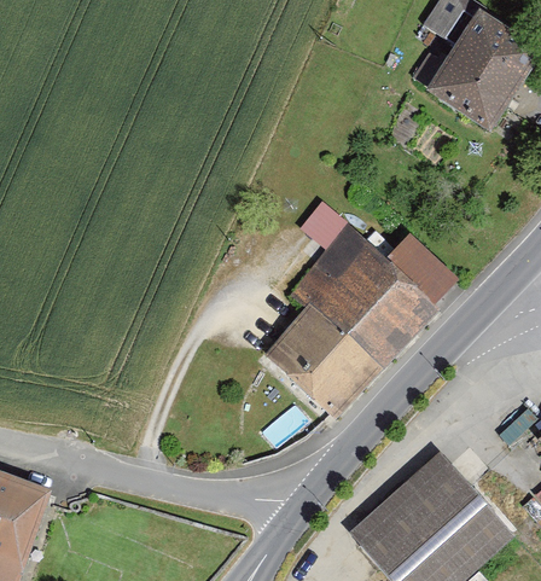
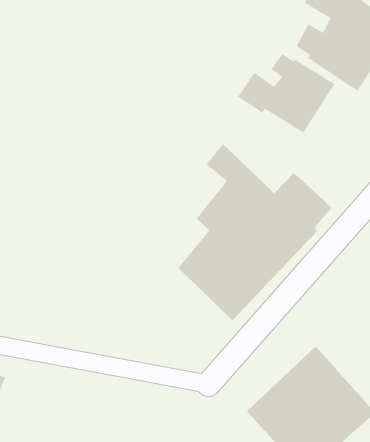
building: none -> [237,54,336,133]

